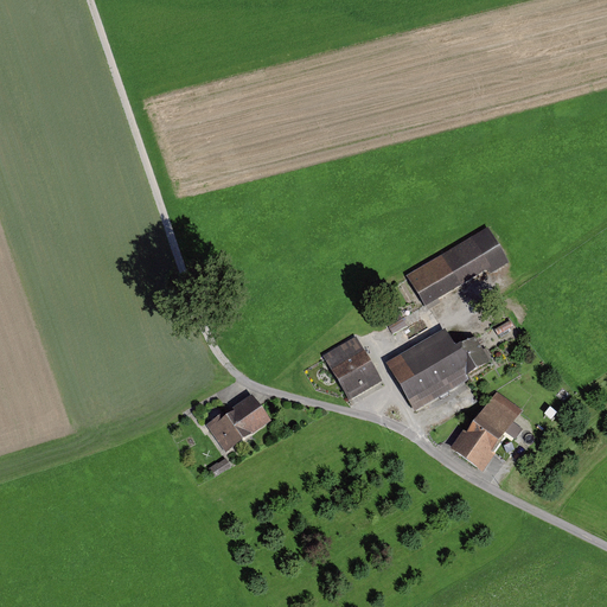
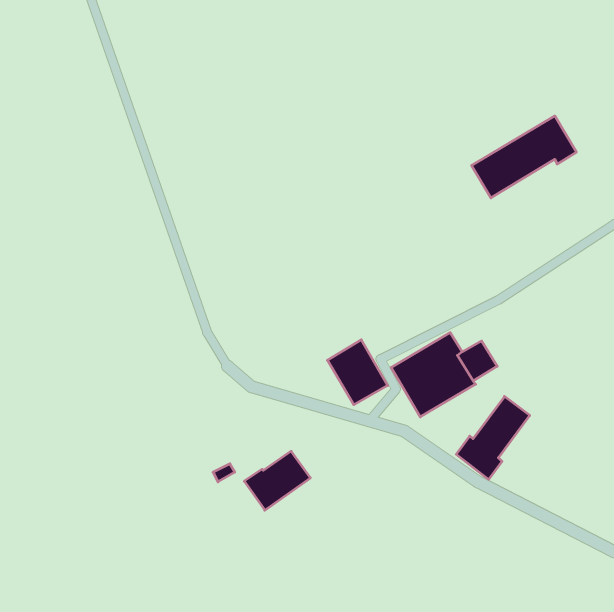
building: [405,225,509,306] -> [472,116,576,198]
building: [205,394,270,452] -> [244,451,310,510]

